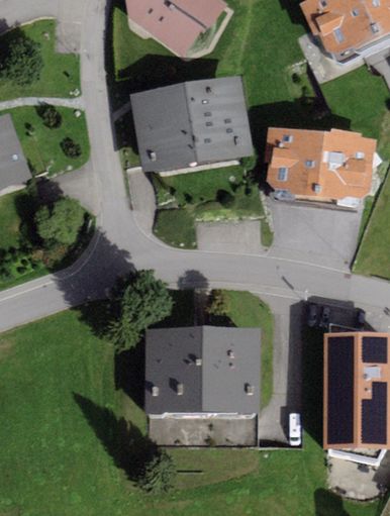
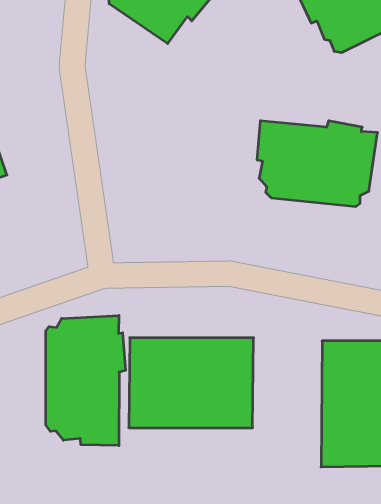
building: [128,75,254,172] -> none
building: none -> [46,315,126,446]

